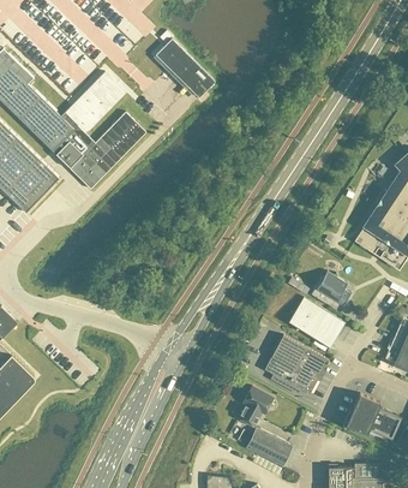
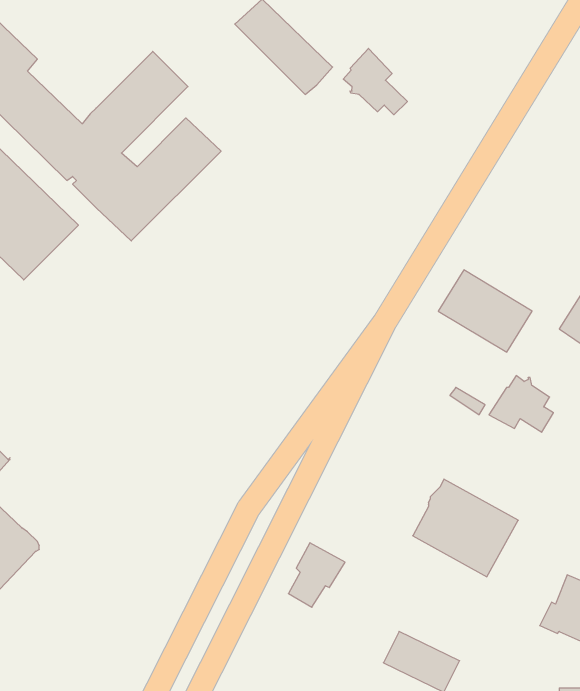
building: none -> [343,48,407,115]
building: [287,299,344,350] -> [438,270,532,352]
building: [239,387,274,427] -> [288,543,345,607]

